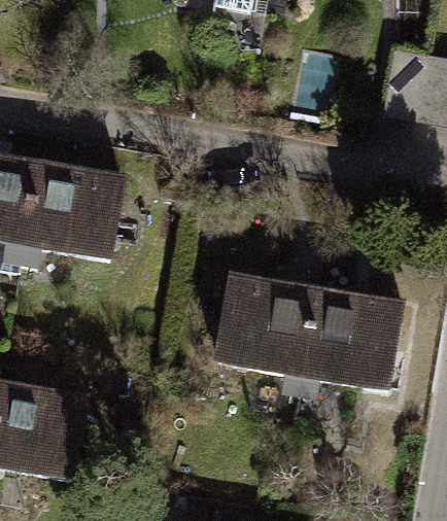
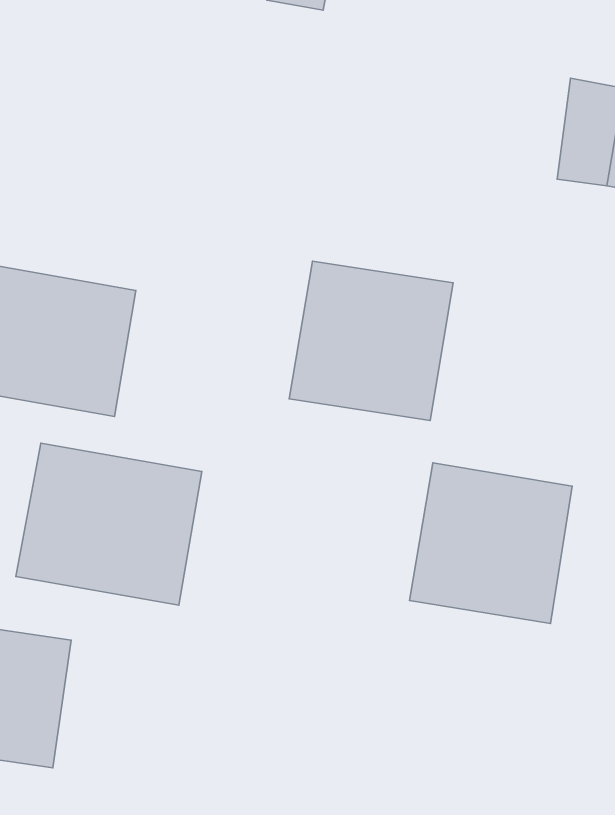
building: [208,275,310,374] -> [289,261,453,420]
building: none -> [16,443,202,605]

